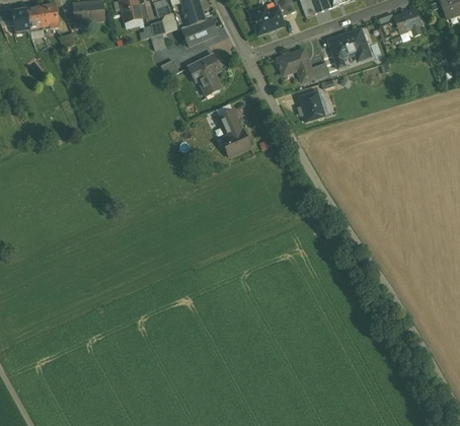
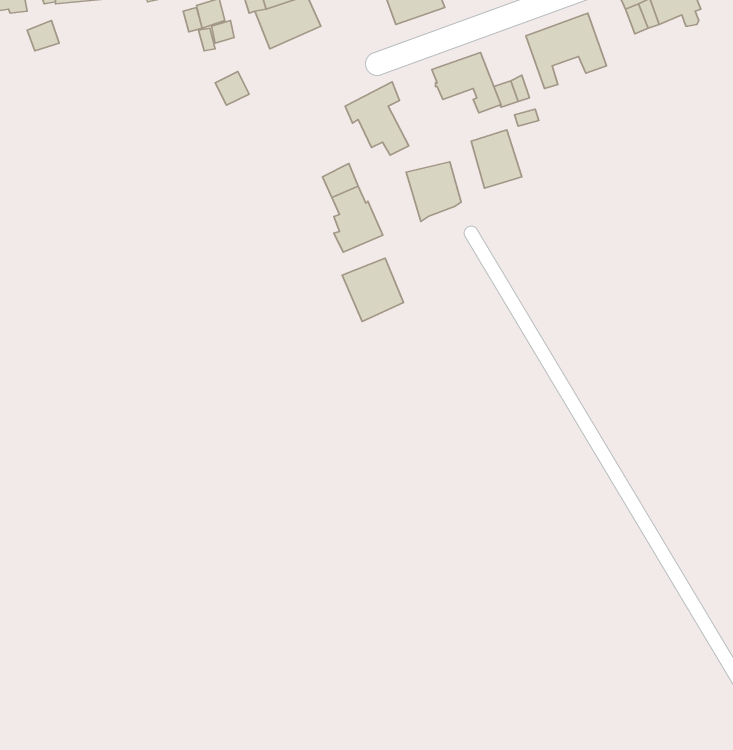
building: [187,53,222,92] -> [345,82,409,155]
building: none -> [406,162,461,222]
building: none -> [342,258,403,321]

